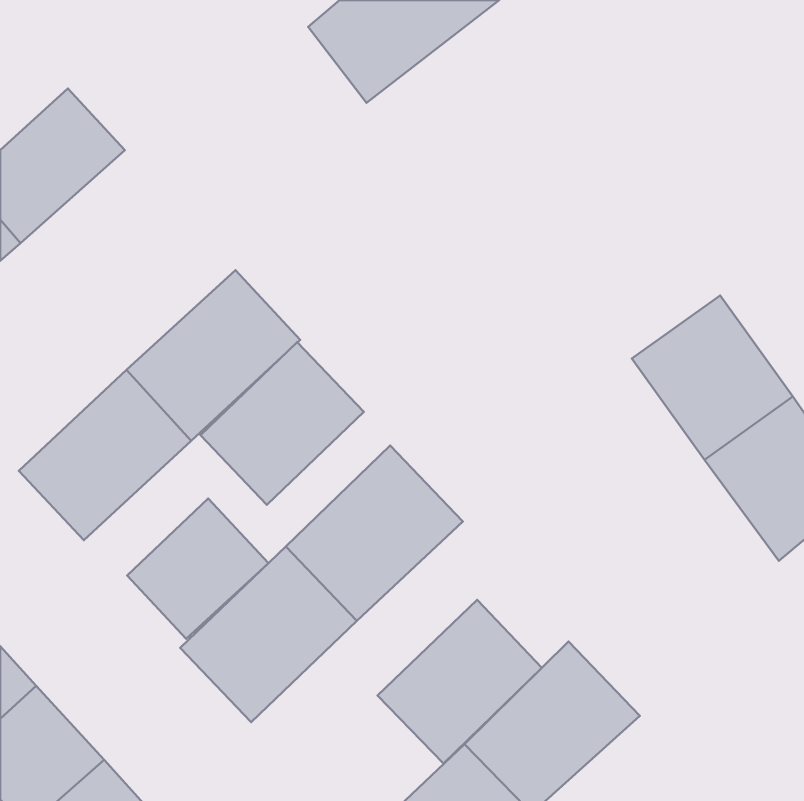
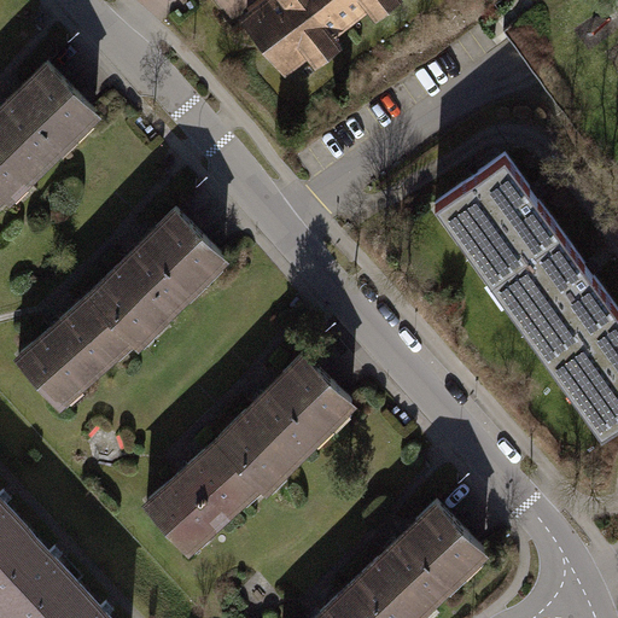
building: none -> [430,153,553,279]
building: [200,342,364,505] -> none
building: [127,499,268,639] -> none
building: [377,600,542,764] -> none

